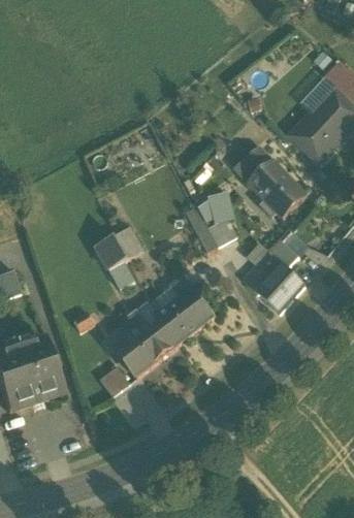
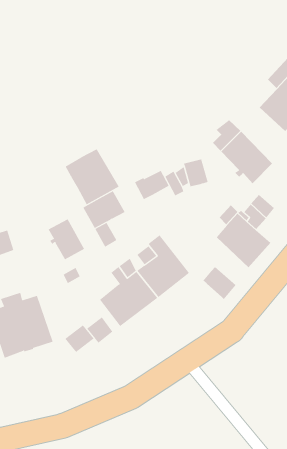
building: none -> [65,149,120,205]
building: [197,219,236,252] -> [134,170,170,200]
building: none -> [48,218,85,260]
building: none -> [203,266,236,300]
building: none -> [65,324,94,353]

